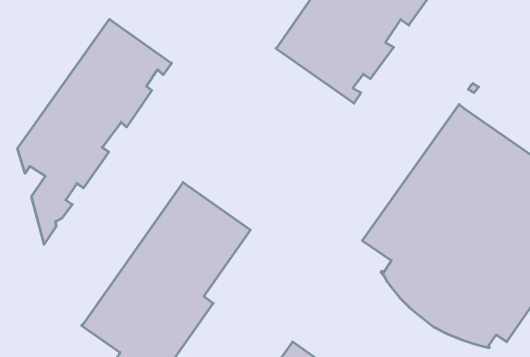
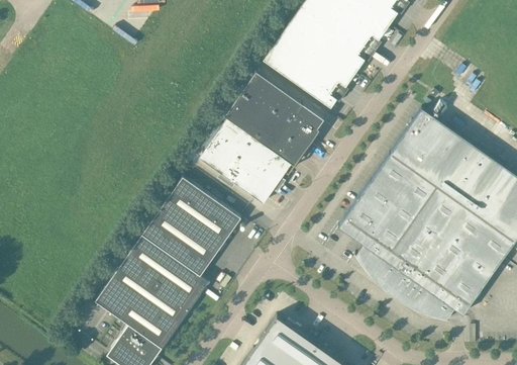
building: [18,19,172,244] -> none
building: none -> [199,71,324,204]

